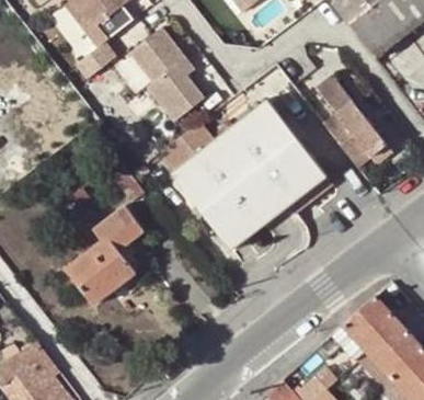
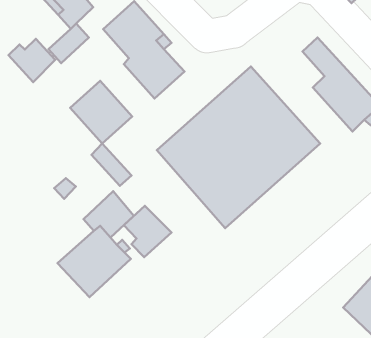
building: none -> [8,39,55,82]
building: none -> [70,81,132,144]
building: none -> [124,206,172,257]

